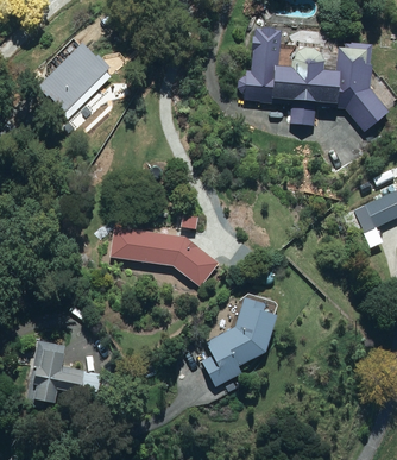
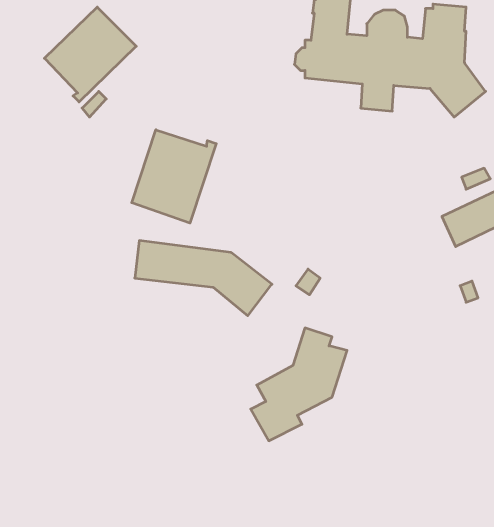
building: none -> [132,130,216,223]
building: [24,340,107,409] -> none

